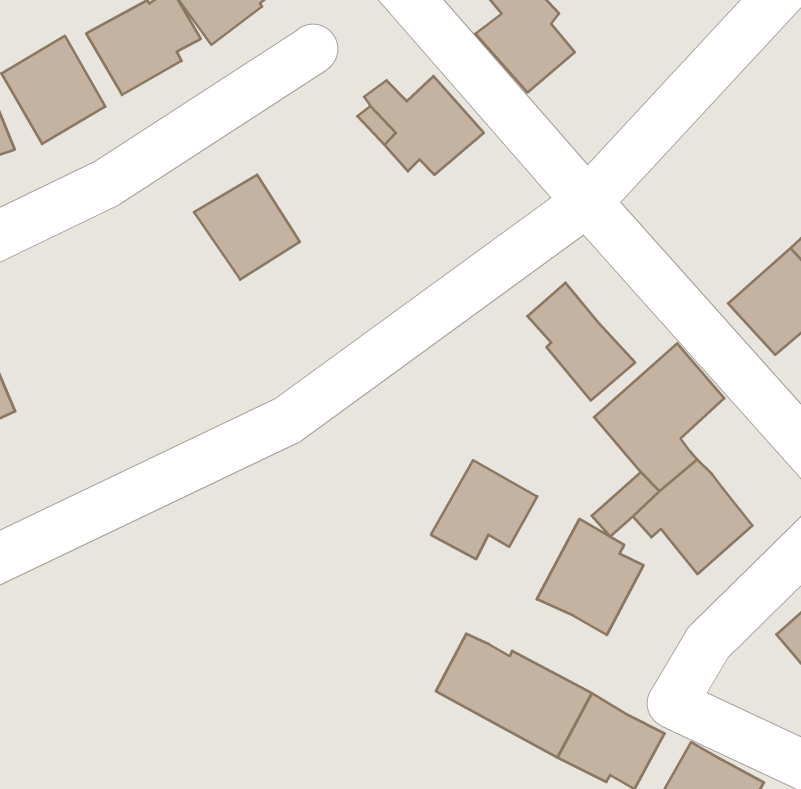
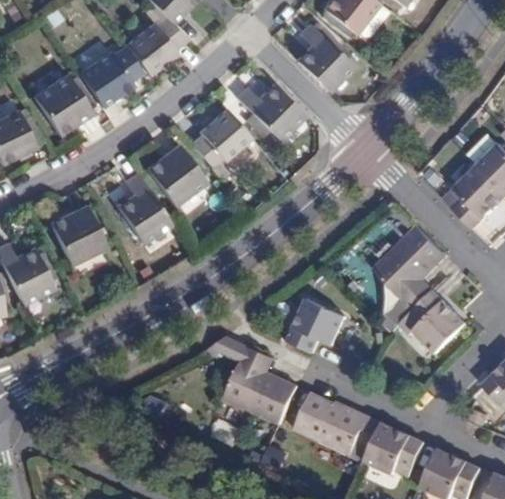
building: none -> [190,110,250,167]
building: none -> [117,175,170,242]
building: none -> [48,206,104,263]
building: [527,283,635,400] -> none
building: none -> [211,334,297,424]
building: [537,519,643,635] -> none

